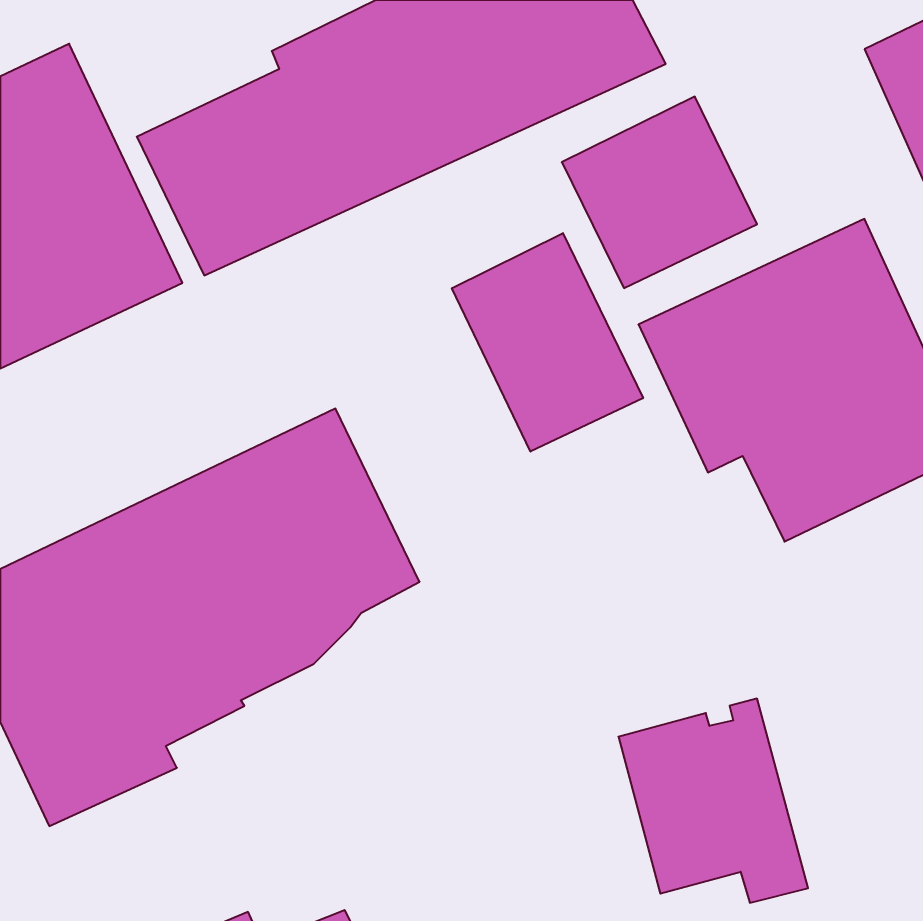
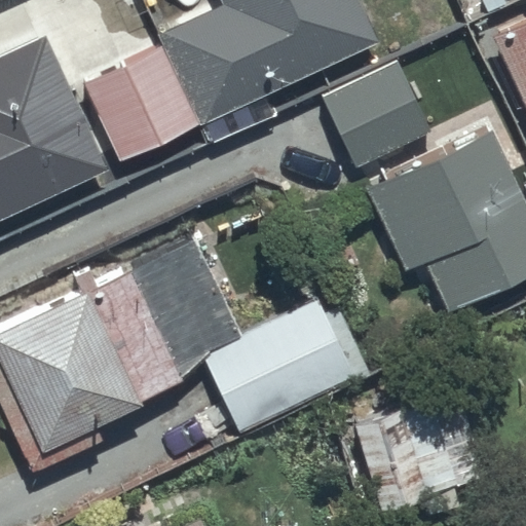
building: [452,233,643,452] -> none
building: none -> [202,298,370,437]

